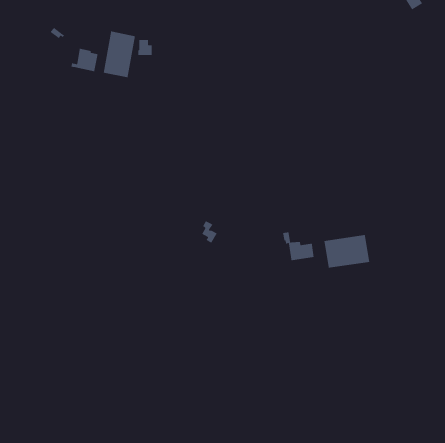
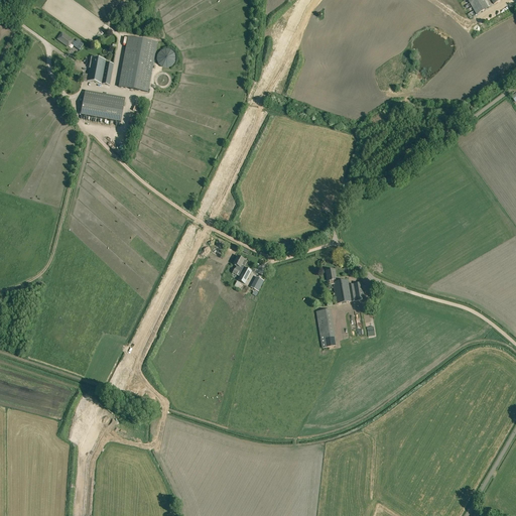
building: none -> [81,93,124,120]
building: [323,234,370,269] -> none
building: none -> [316,308,337,347]

